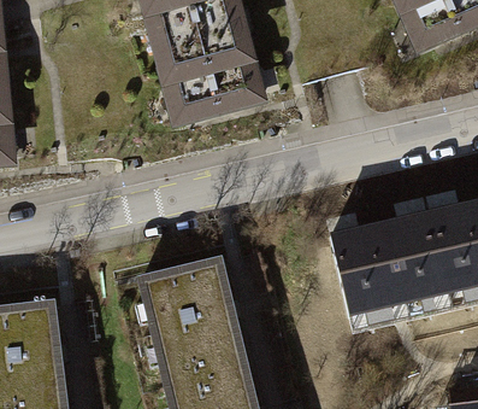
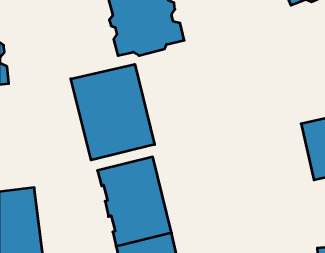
building: none -> [71,64,155,160]
building: [331,214,448,317] -> none

